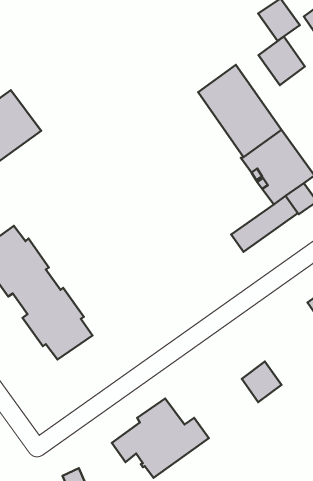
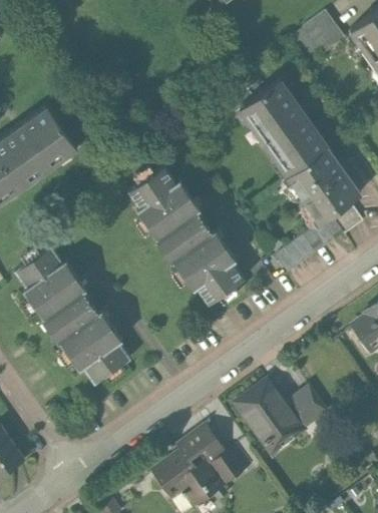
building: [259,36,305,85] -> none
building: none -> [127,166,244,305]
building: none -> [235,381,303,444]

